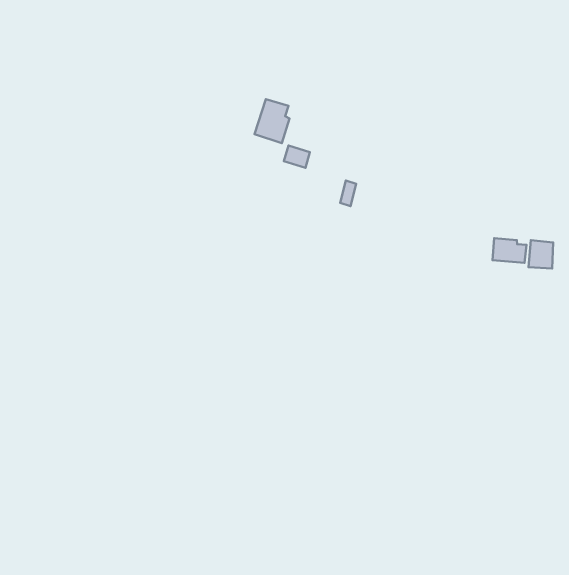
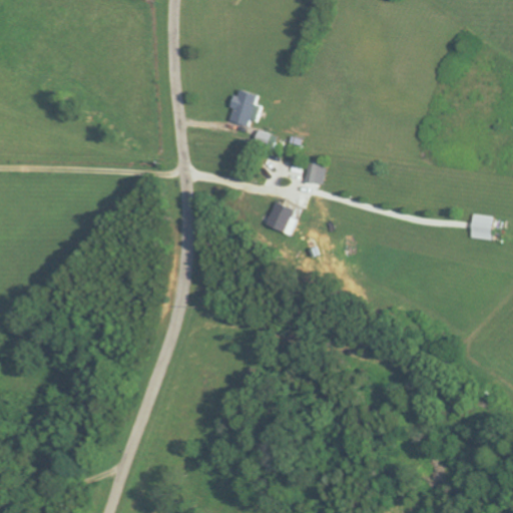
building: none -> [264,200,296,234]
building: [493,238,526,263] -> none

